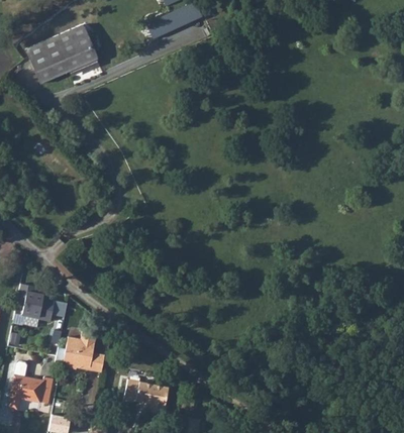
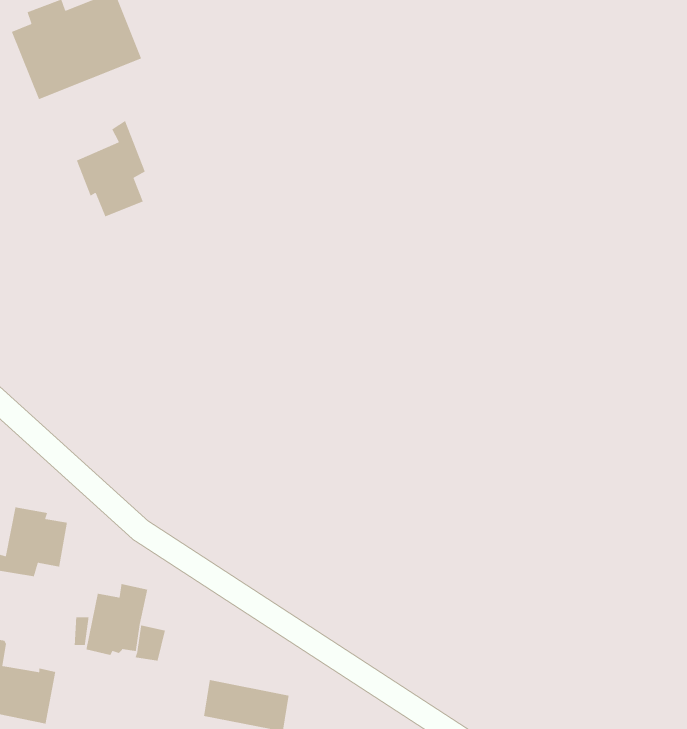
building: none -> [76,120,146,217]

